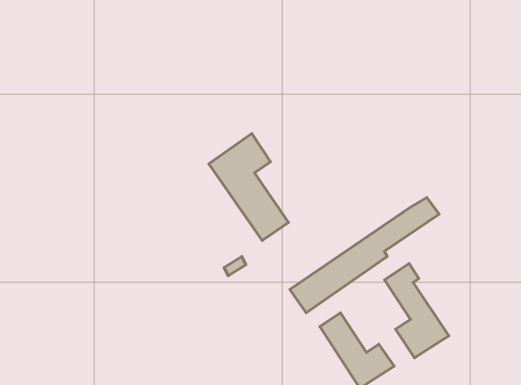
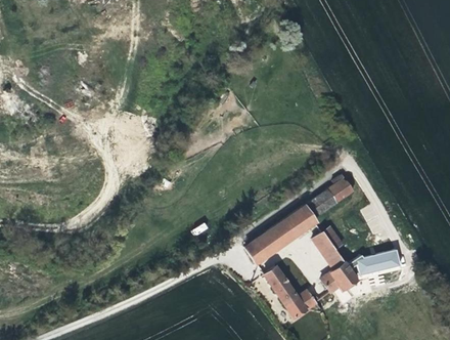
building: [209,134,289,240] -> none
building: none -> [355,250,402,277]

